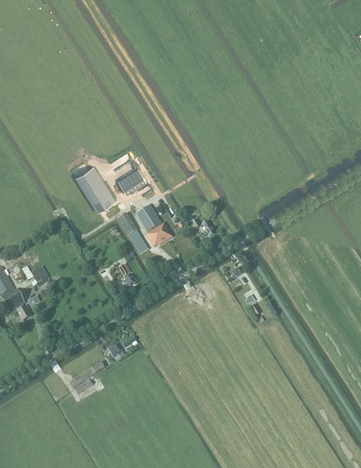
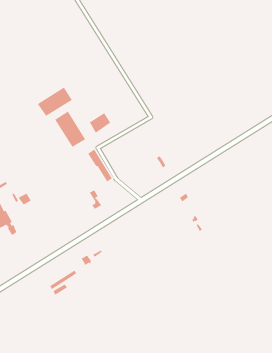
building: none -> [37,87,73,117]
building: [135,205,173,247] -> none

